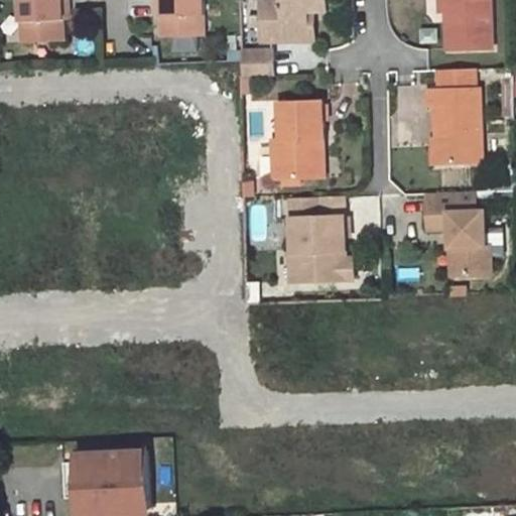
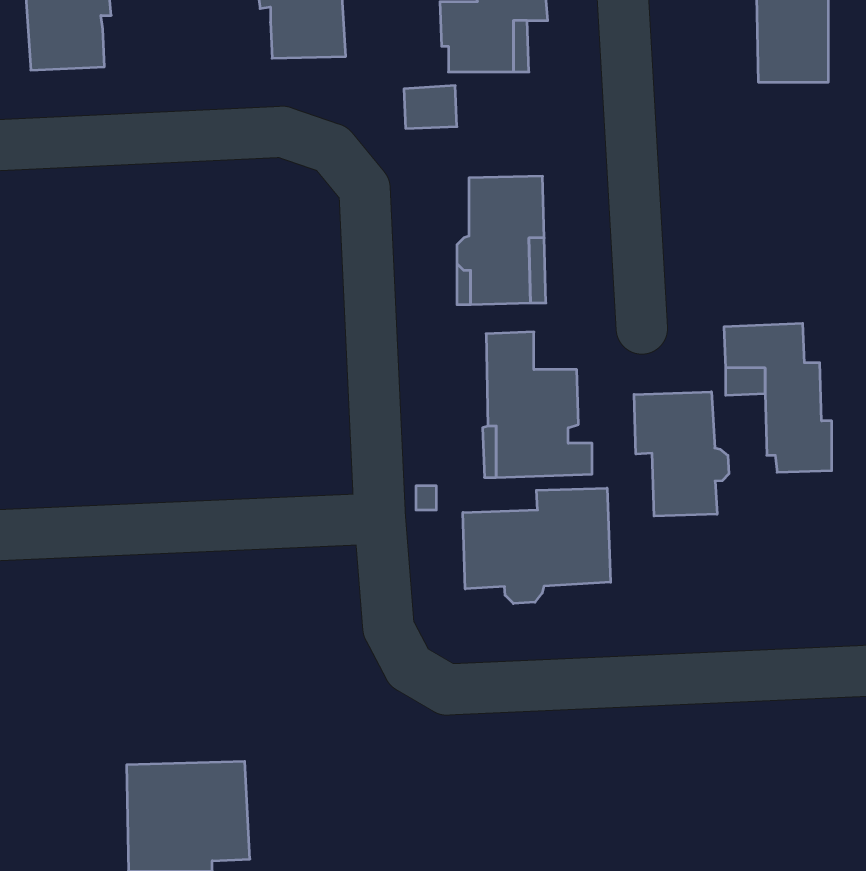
building: [427,69,481,166] -> none
building: none -> [634,392,729,516]
building: none -> [463,488,611,604]

